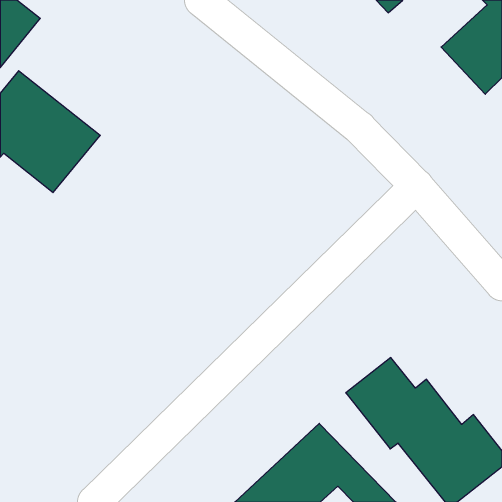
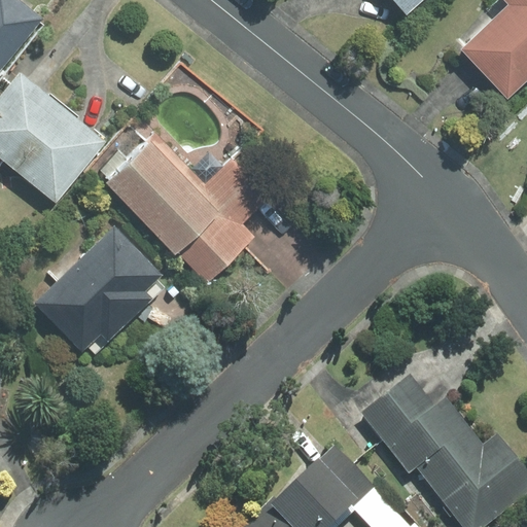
building: none -> [107,135,269,281]
building: none -> [35,226,165,355]

